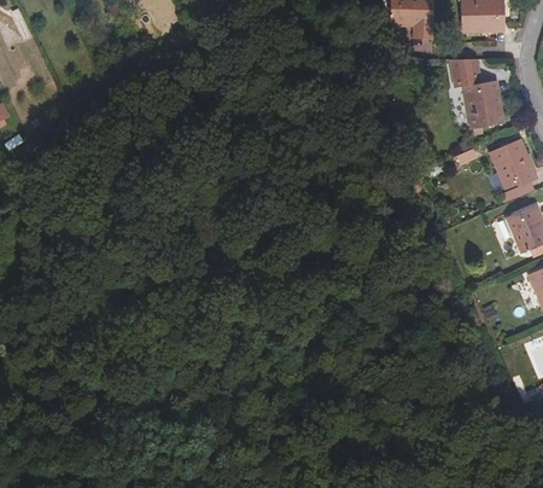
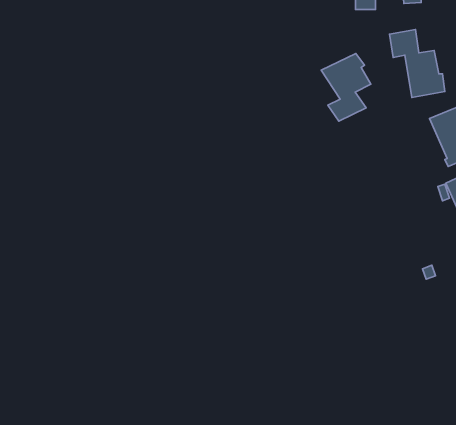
building: none -> [321,53,371,121]

